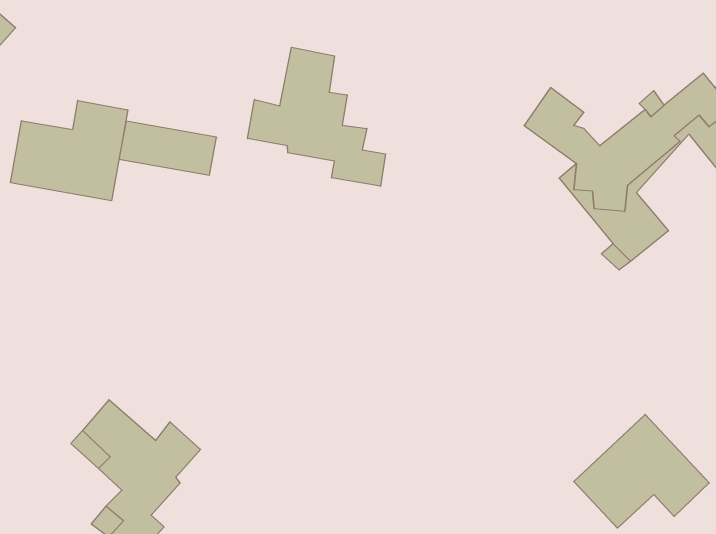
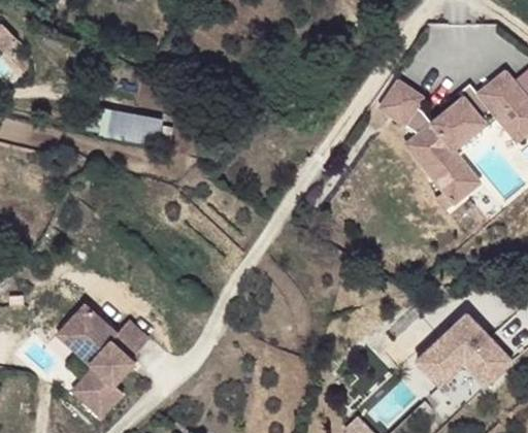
building: [248,47,385,186] -> none
building: [11,100,128,201] -> none

